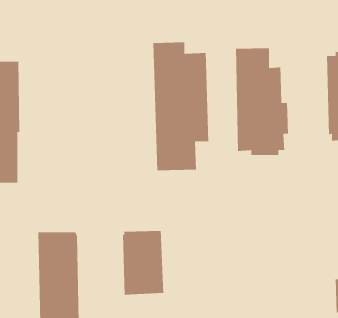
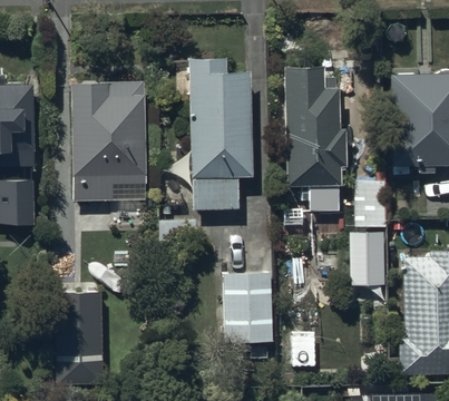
building: none -> [70,84,146,203]
building: none -> [350,228,384,281]
building: [122,230,164,295] -> [223,270,272,345]

